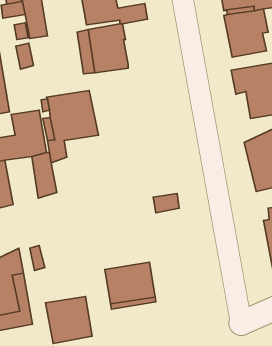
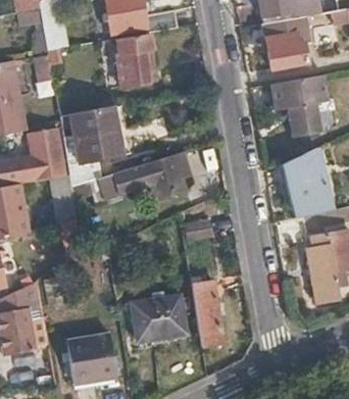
building: none -> [97,150,193,201]
building: none -> [191,280,225,347]

